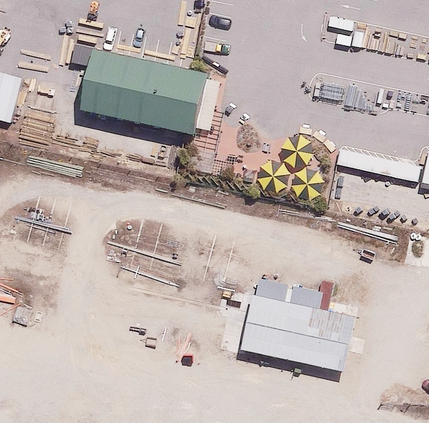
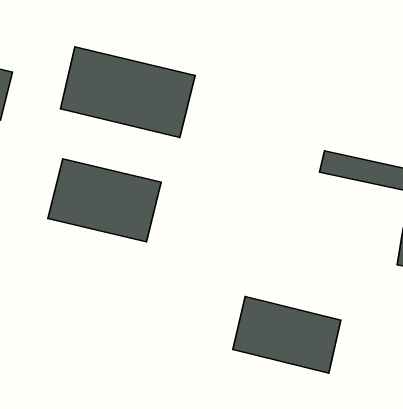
building: none -> [48,159,161,242]

